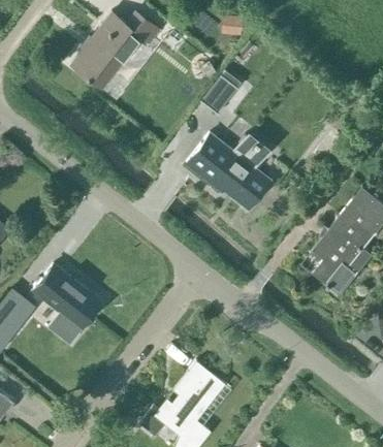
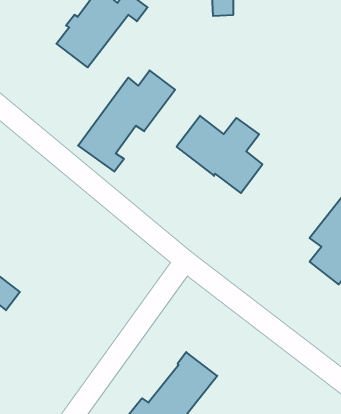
building: [198,75,232,113] -> none
building: none -> [78,70,175,172]
building: [32,265,96,332] -> none

